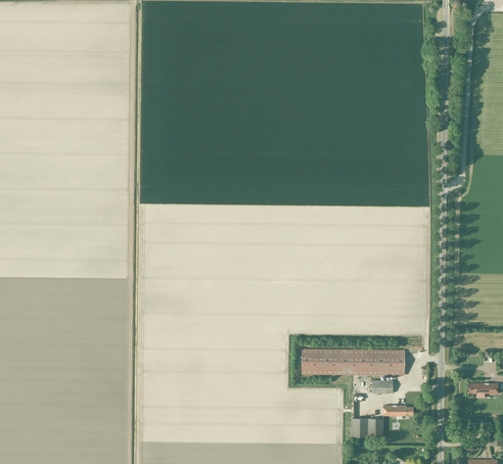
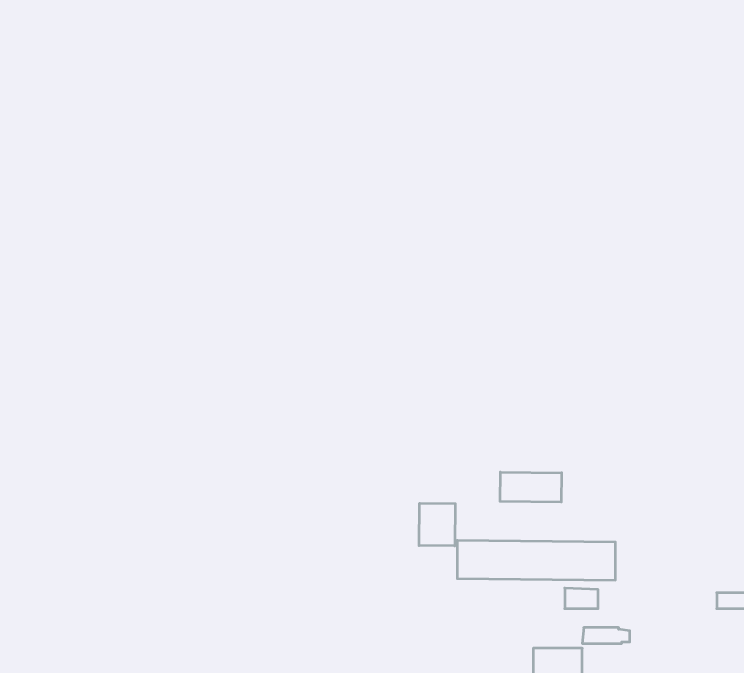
building: none -> [500,472,562,502]
building: none -> [419,503,455,546]

